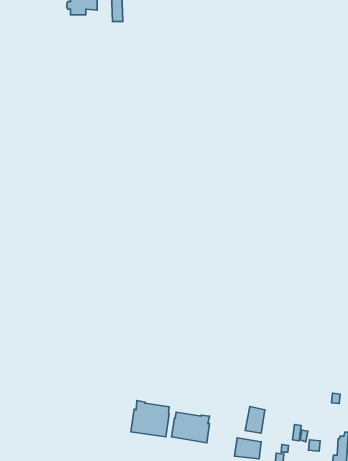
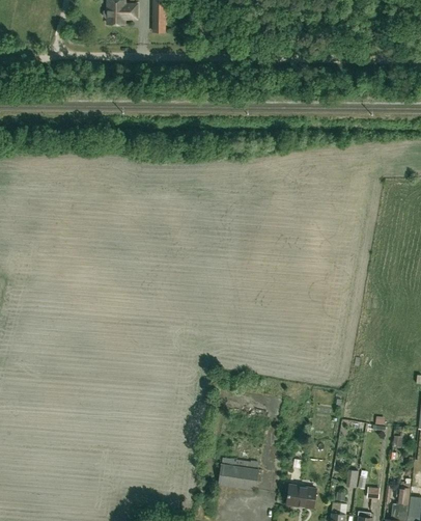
building: [131,400,169,437] -> none
building: [245,407,265,433] -> none

